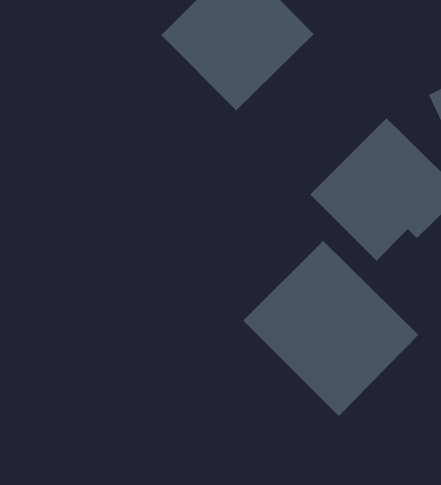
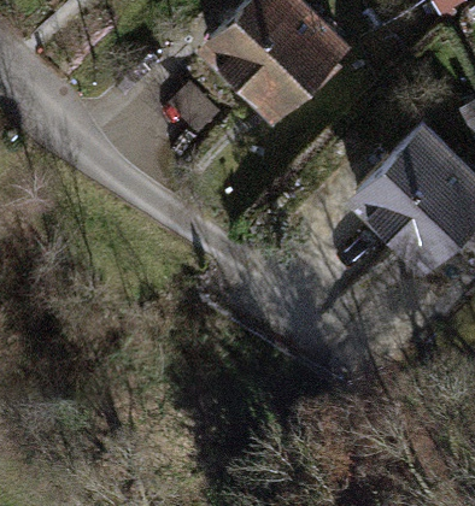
building: [243,240,419,417] -> none

